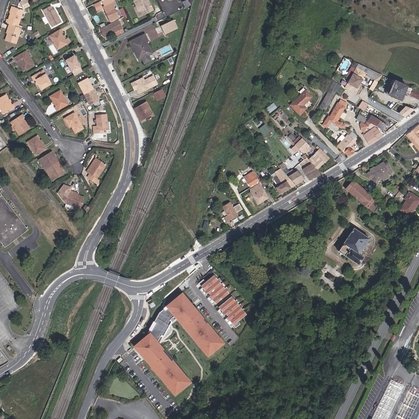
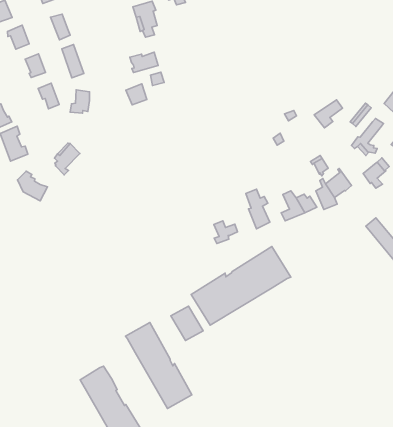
building: none -> [191,246,291,325]
building: [337,228,369,264] -> none
building: [219,296,246,324] -> none
building: [149,309,176,343] -> none

